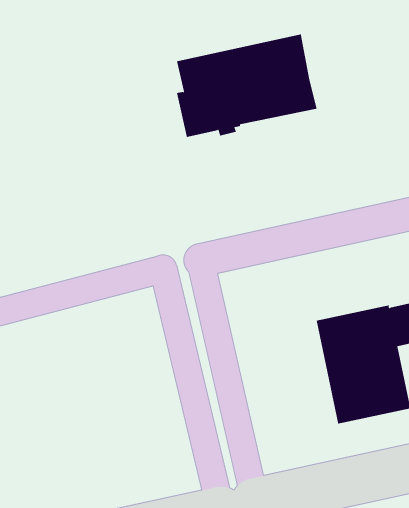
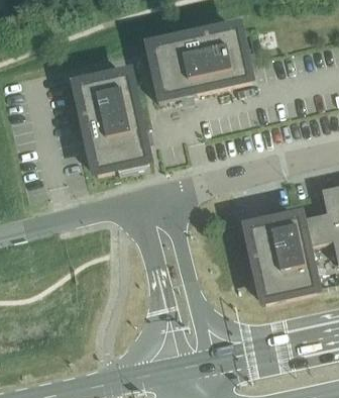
building: none -> [75,73,147,172]

